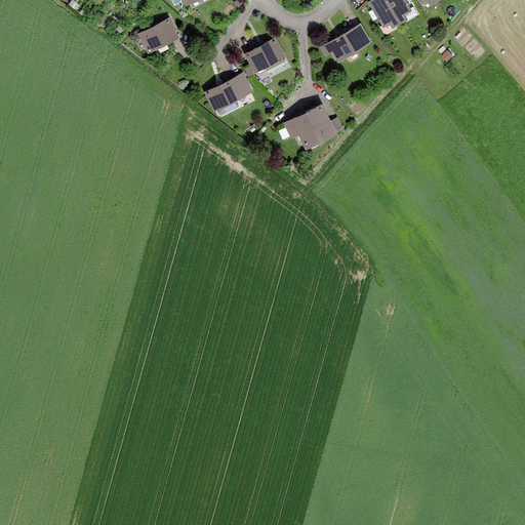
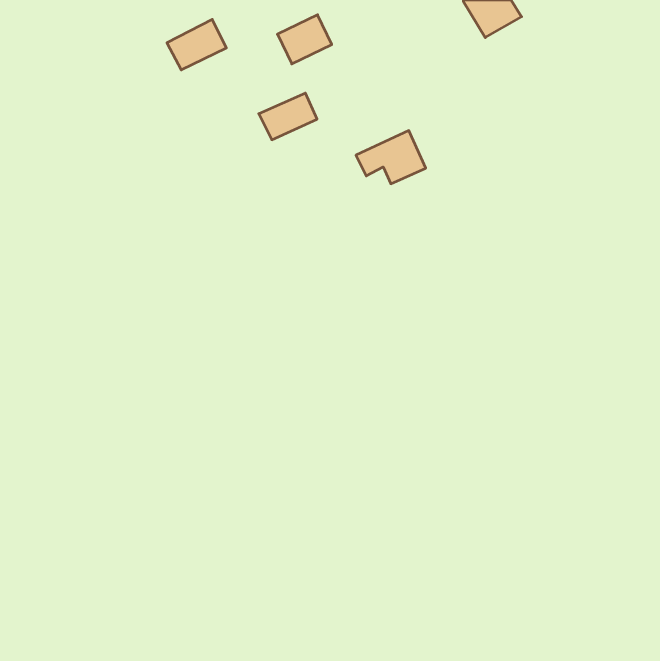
building: [320,23,372,62] -> none
building: [244,37,287,76] -> [277,15,332,64]

